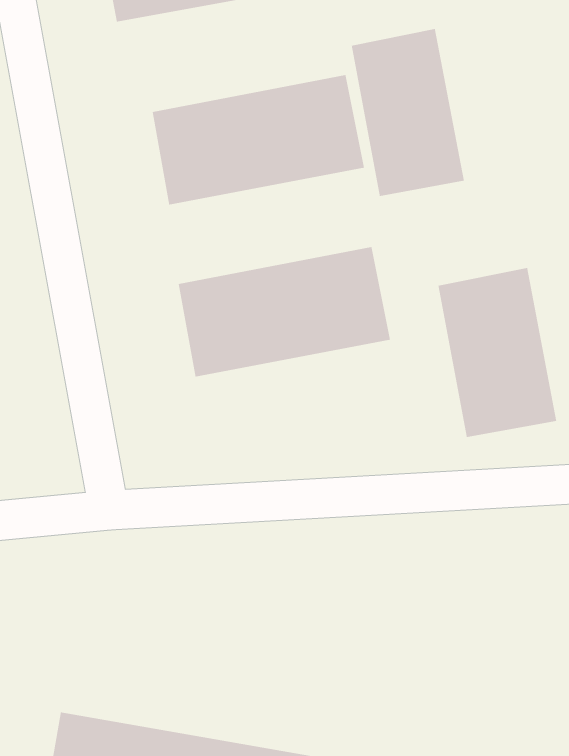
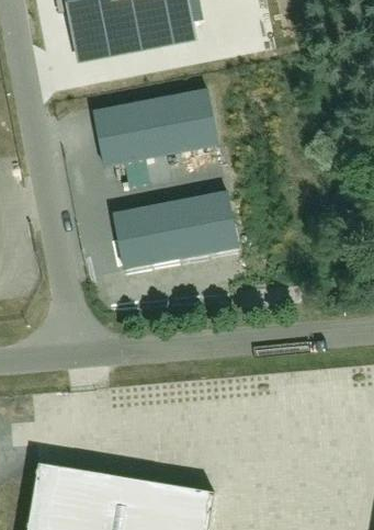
building: [351,28,464,197] -> none
building: [438,267,557,438] -> none

